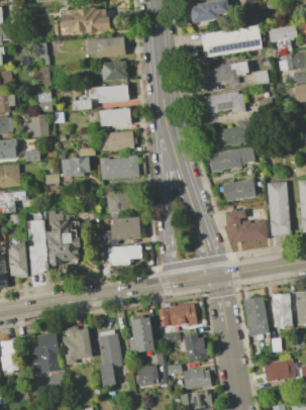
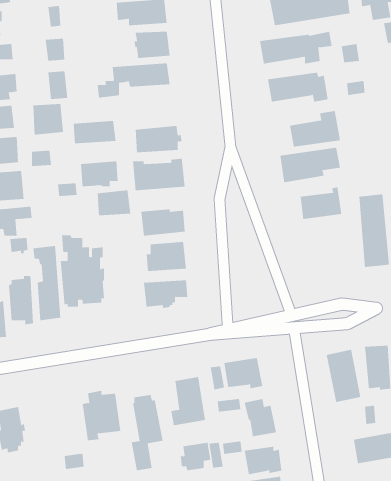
building: [99,108,131,125] -> [73,121,116,144]
building: none -> [97,190,131,216]
building: [225,210,268,241] -> none
building: [27,332,59,373] -> none

